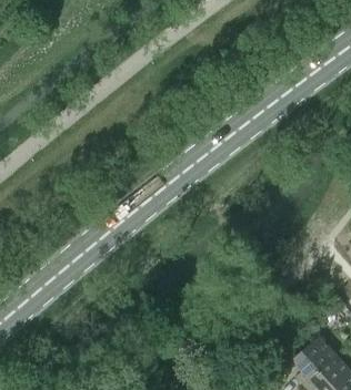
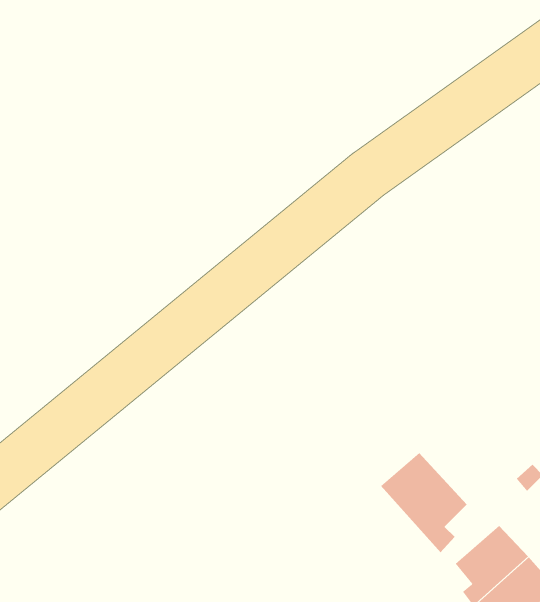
building: none -> [380,452,468,553]

